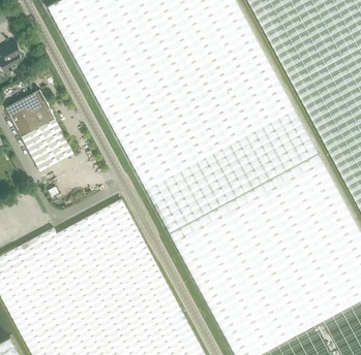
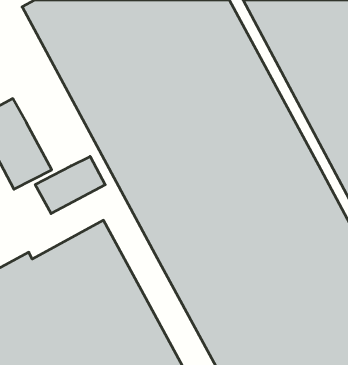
building: none -> [35,156,105,214]

